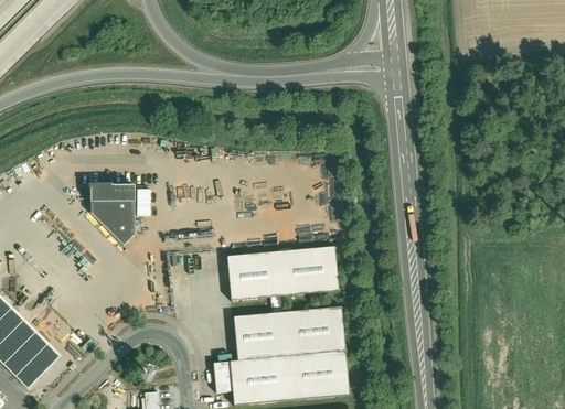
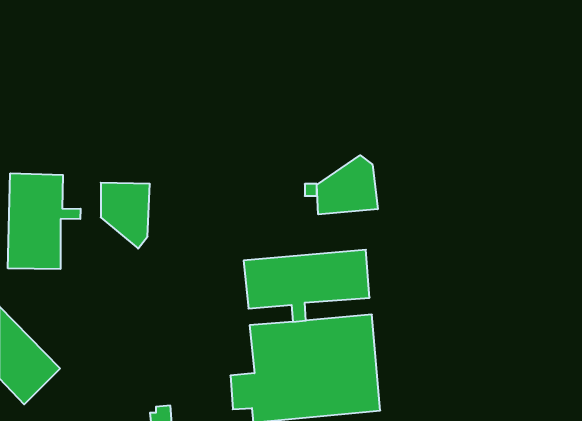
building: none -> [317,155,378,214]
building: none -> [8,173,81,269]

